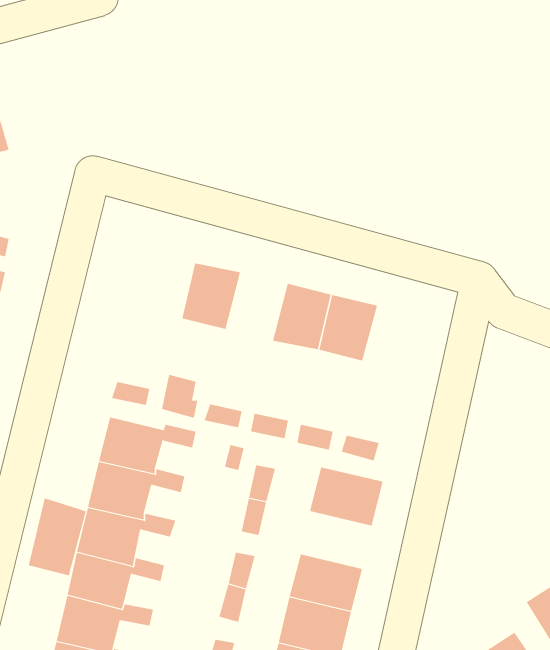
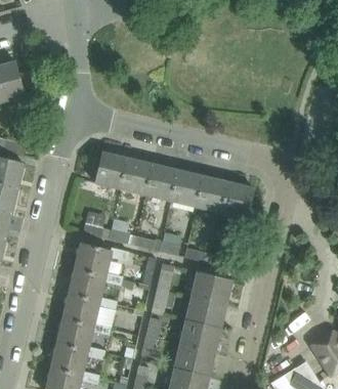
building: none -> [94,153,127,189]
building: none -> [144,164,178,202]
building: none -> [220,182,253,219]
building: [28,498,86,576] -> none
building: none -> [185,296,225,328]

